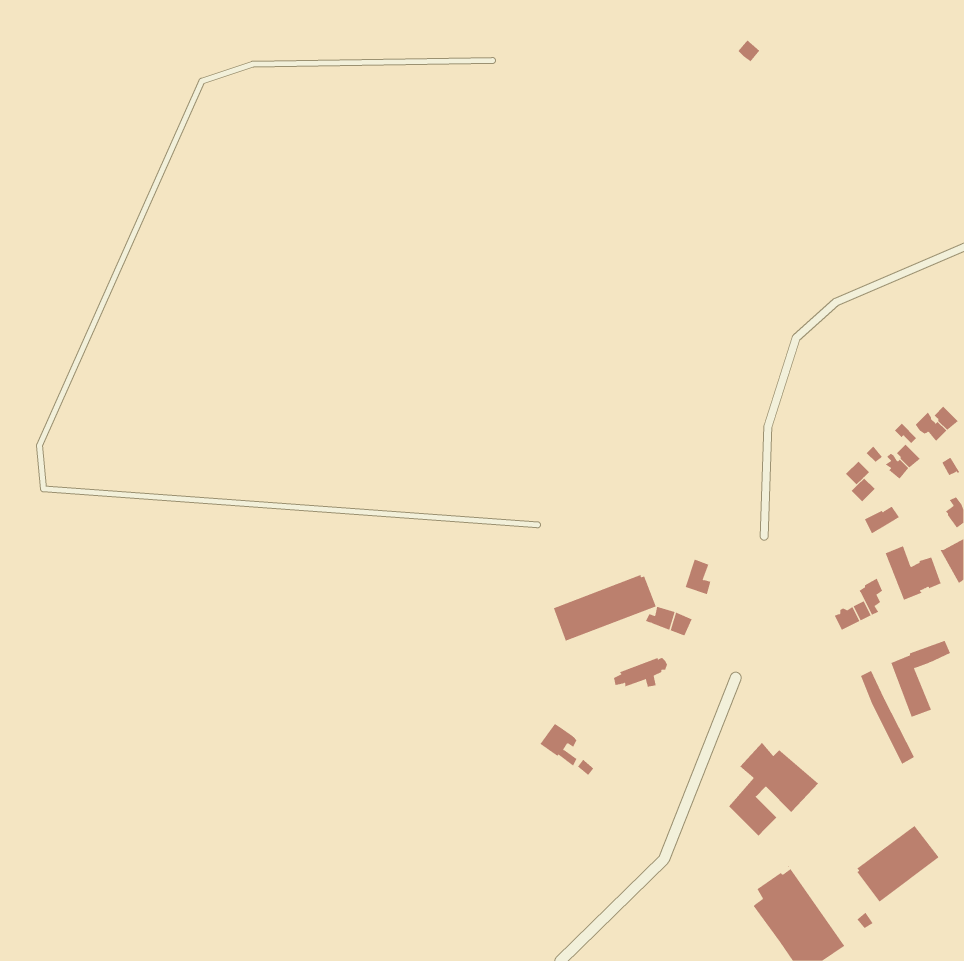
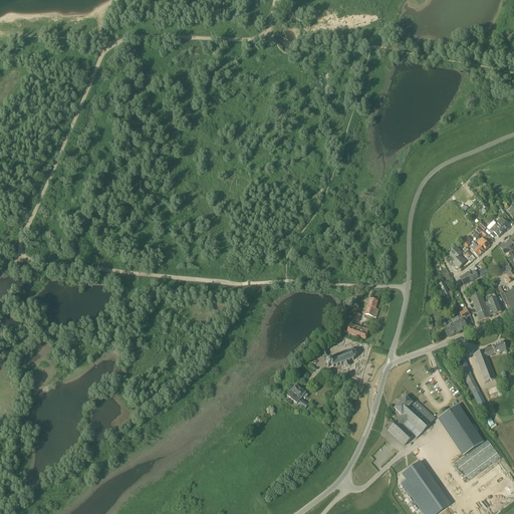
building: [553,574,656,642] -> none
building: none -> [441,403,484,452]

